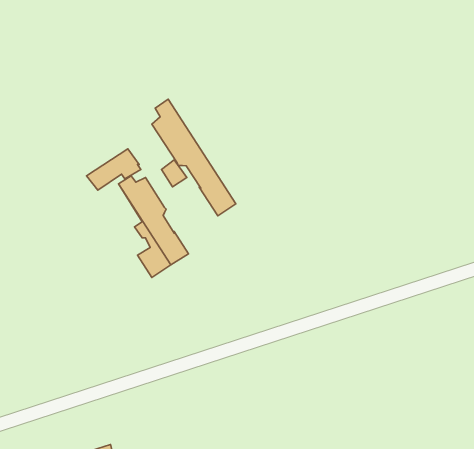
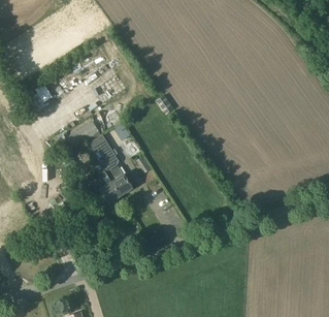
building: [152,99,236,216] -> none

